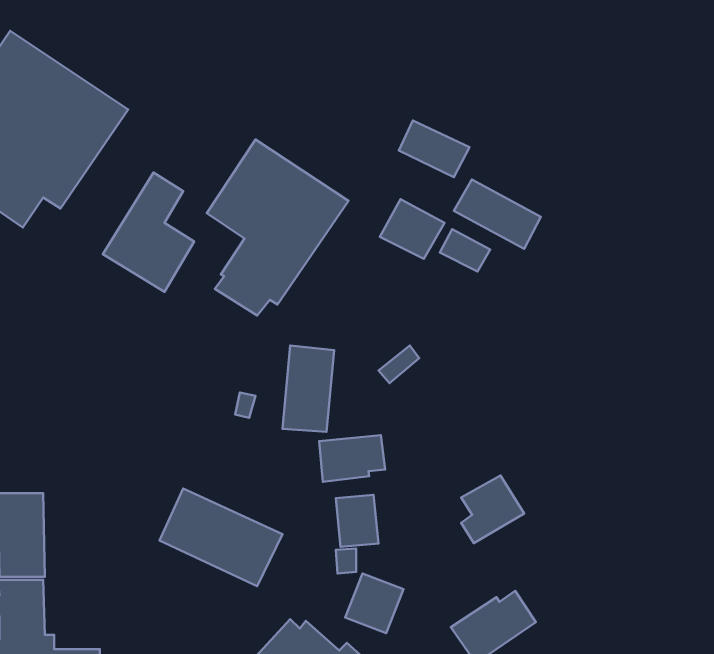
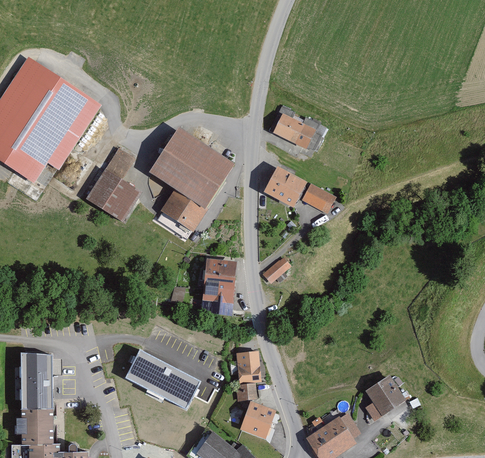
building: [454,179,541,249] -> none
building: [319,435,385,482] -> none
building: [461,476,524,543] -> [364,375,404,418]

